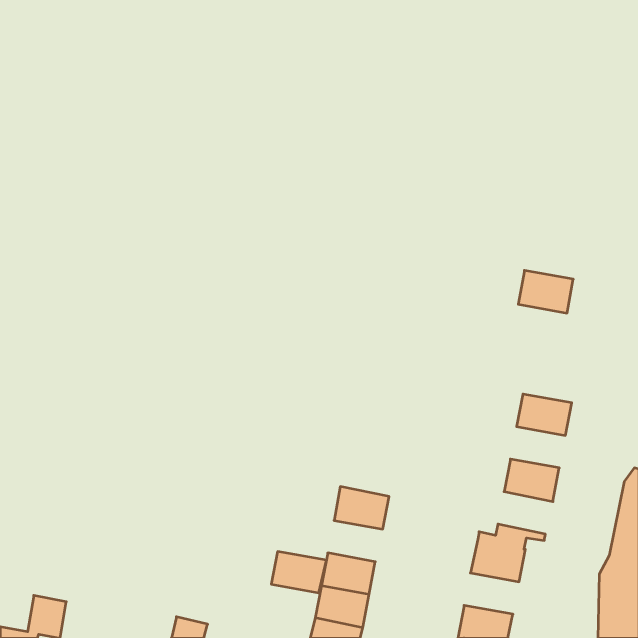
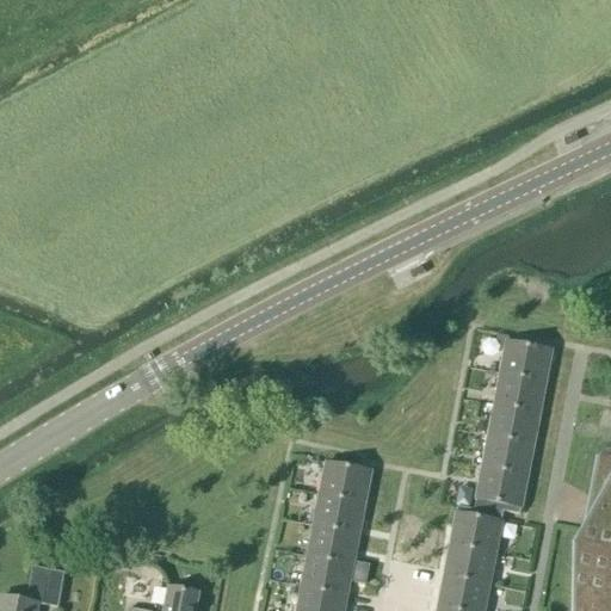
building: [518,270,573,313] -> [500,344,553,384]
building: none -> [488,407,541,446]
building: none -> [476,469,529,510]
building: [271,552,326,593] -> [314,496,366,536]
building: none -> [444,547,496,586]

